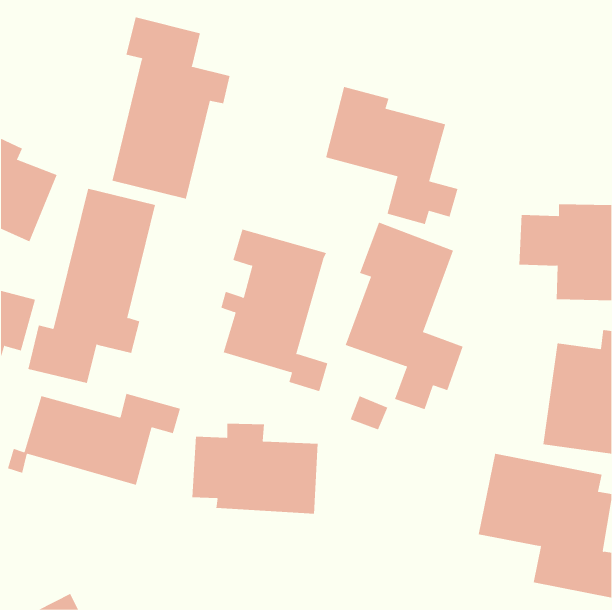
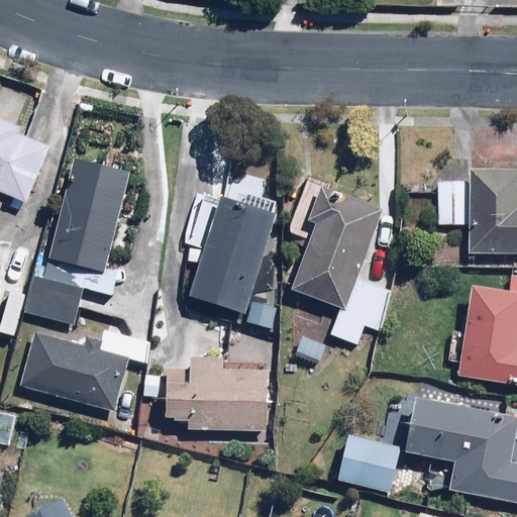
building: [112,16,230,200] -> none
building: [326,86,458,225] -> none
building: none -> [337,436,399,494]

